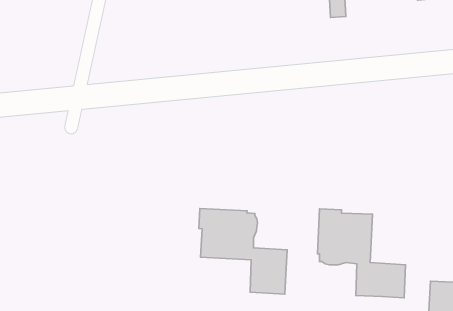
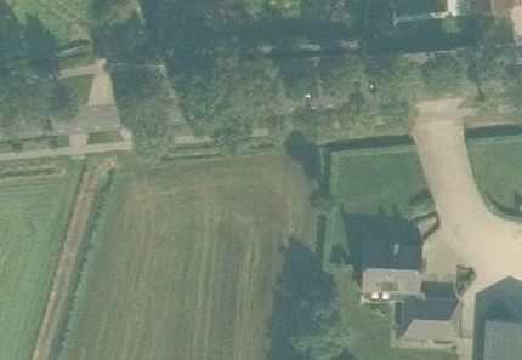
building: [199,208,287,294] -> none

